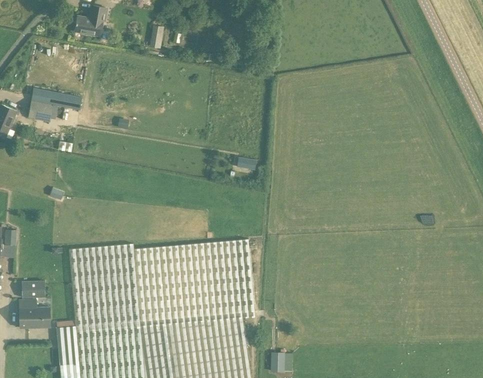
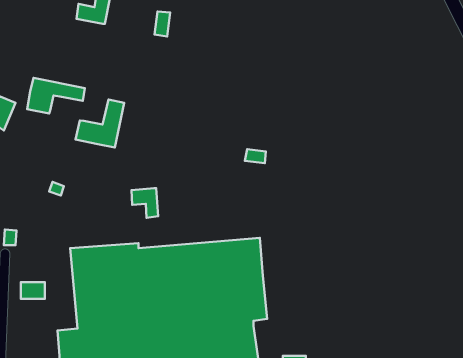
building: none -> [76,99,124,148]
building: none -> [131,188,158,218]
building: [19,300,49,328] -> none

